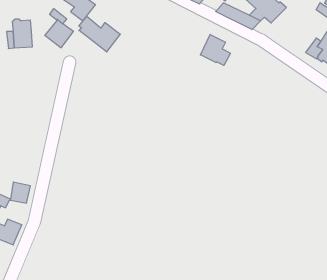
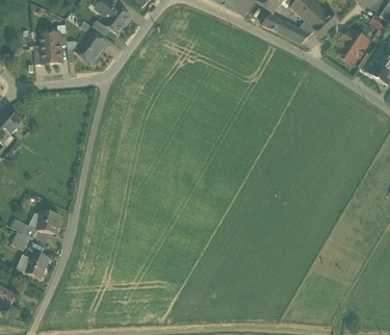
building: [79,16,120,52] -> none
building: none -> [337,29,368,63]
building: [200,34,230,65] -> none

